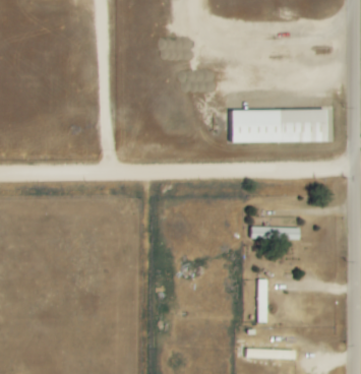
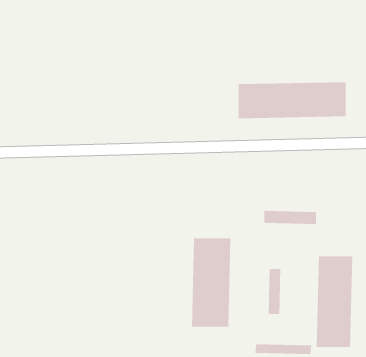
building: none -> [191,237,231,327]
building: none -> [316,255,353,348]

